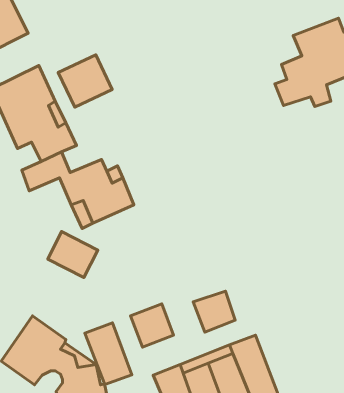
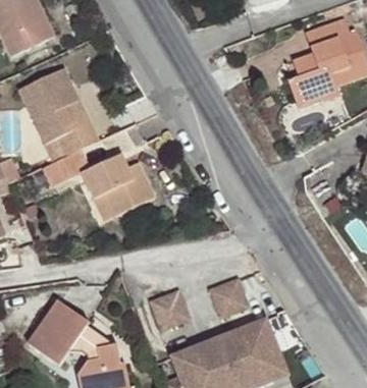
building: [58,55,112,107] -> none
building: [48,232,98,278] -> none
building: [85,323,132,385] -> none

